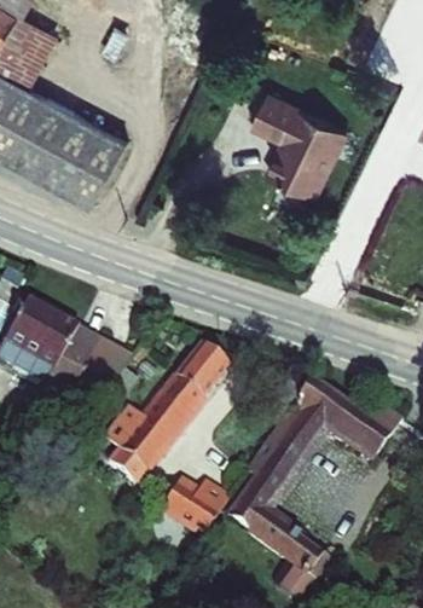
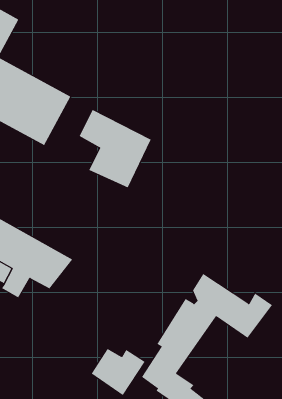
building: [253,88,350,195] -> [79,109,151,188]
building: [100,340,231,488] -> none

